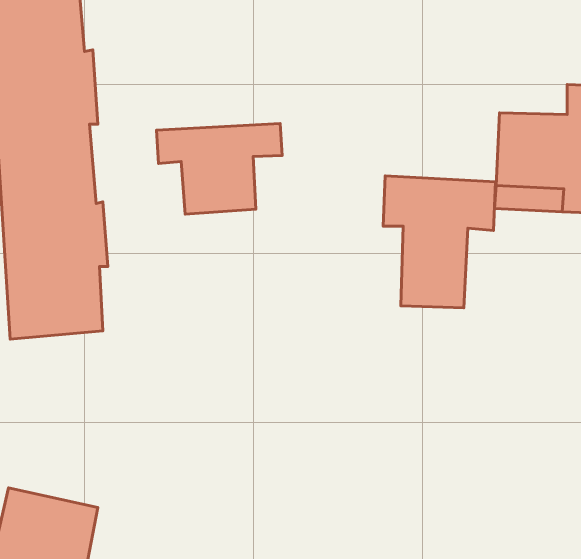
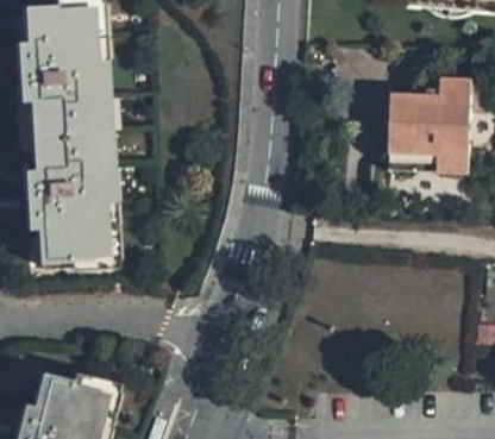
building: [156,123,282,214] -> none
building: [383,176,495,308] -> none

